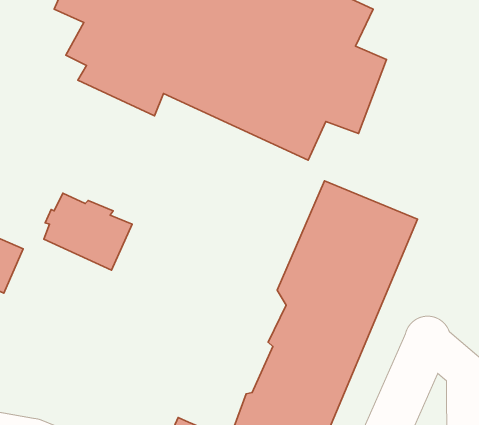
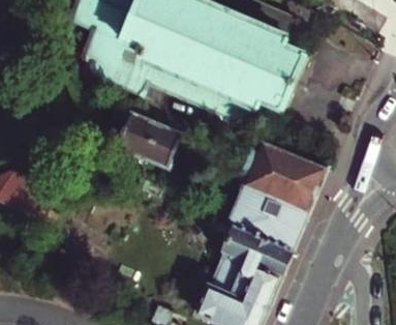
building: [44,193,132,270] -> [119,114,181,168]

